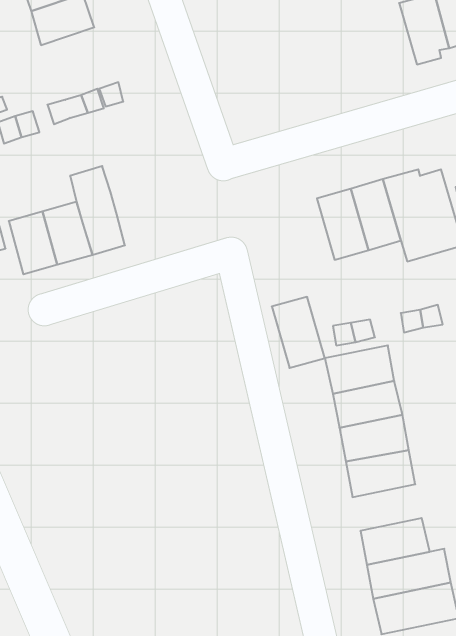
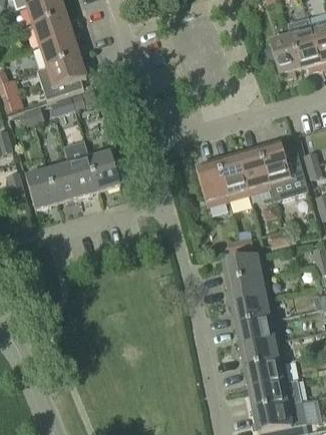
building: none -> [37,55,86,99]
building: none -> [89,151,120,190]
building: [272,297,325,368] -> [196,161,229,205]
building: none -> [240,339,283,368]

